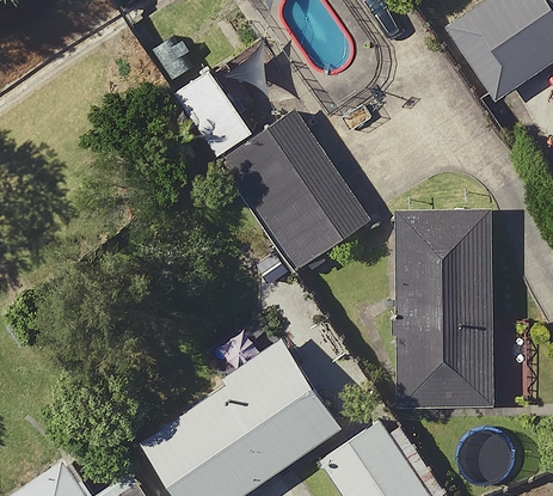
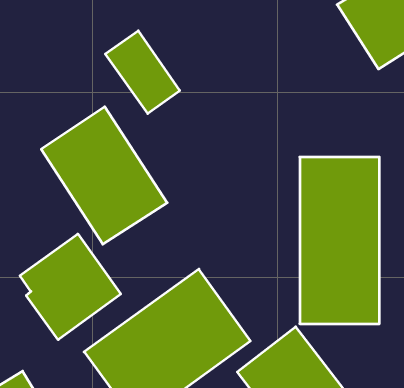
building: [222,111,371,274] -> [41,107,167,244]
building: none -> [20,234,121,340]

